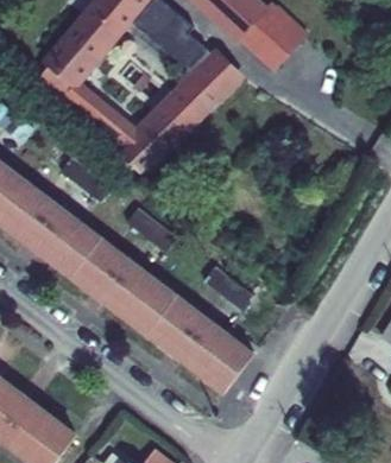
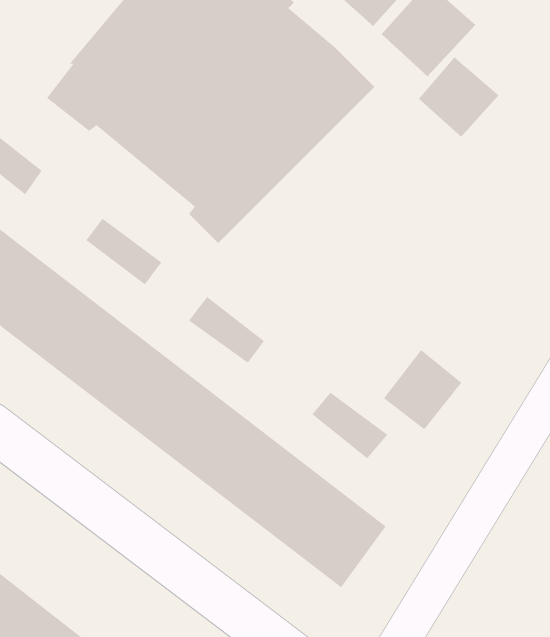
building: none -> [418,57,500,138]
building: none -> [383,349,462,430]

